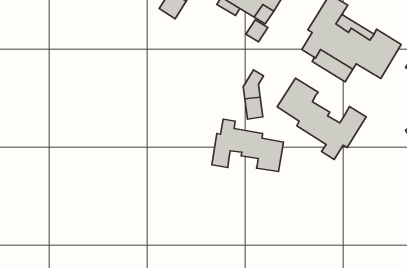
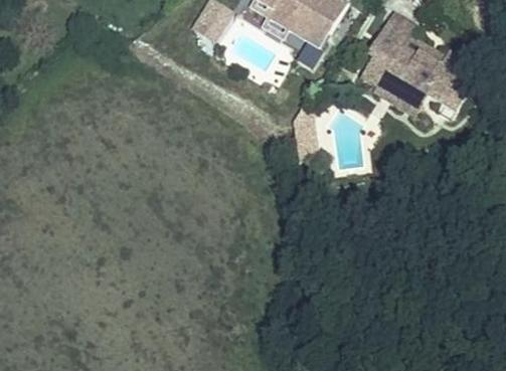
building: [277,78,366,159] -> none
building: [212,119,284,172] -> none

